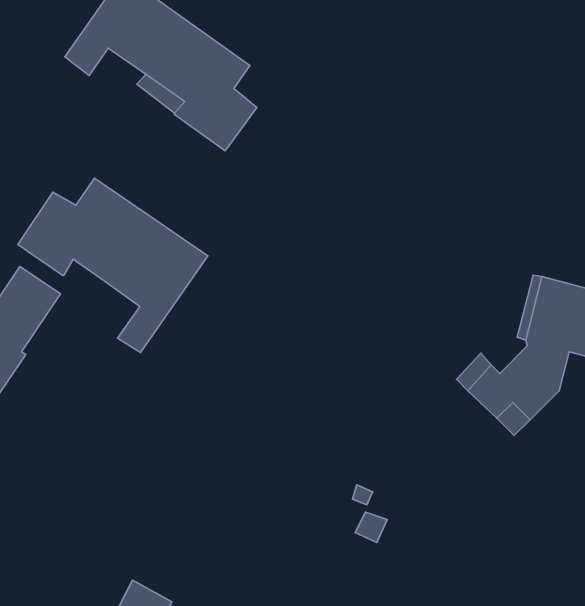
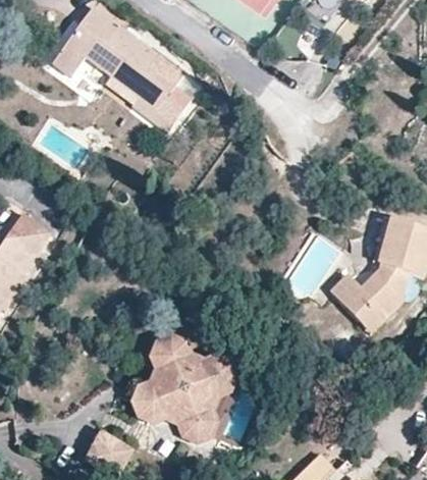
building: [18,178,208,353] -> none
building: none -> [136,340,234,438]

